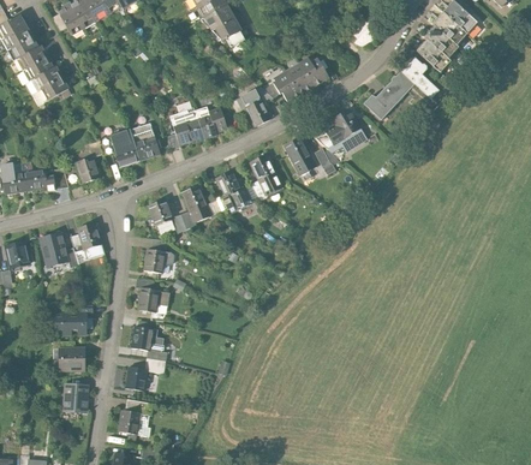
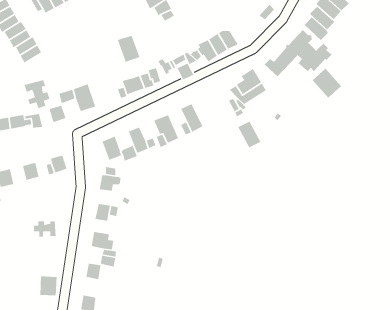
building: none -> [312,68,342,98]
building: [129,123,160,160] -> [117,35,140,63]
building: none -> [24,79,50,109]
building: [284,137,316,174] -> [237,120,262,148]
building: [60,348,85,369] -> none

